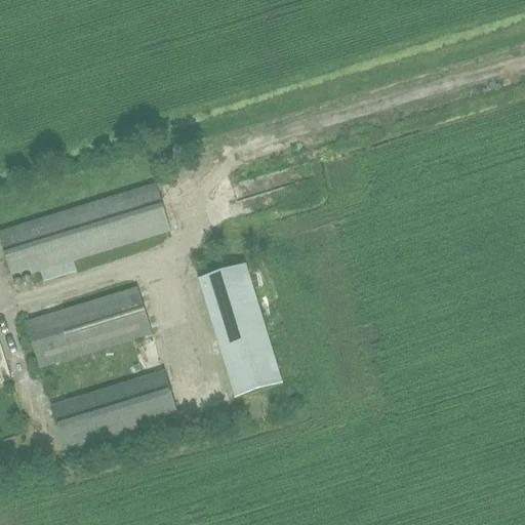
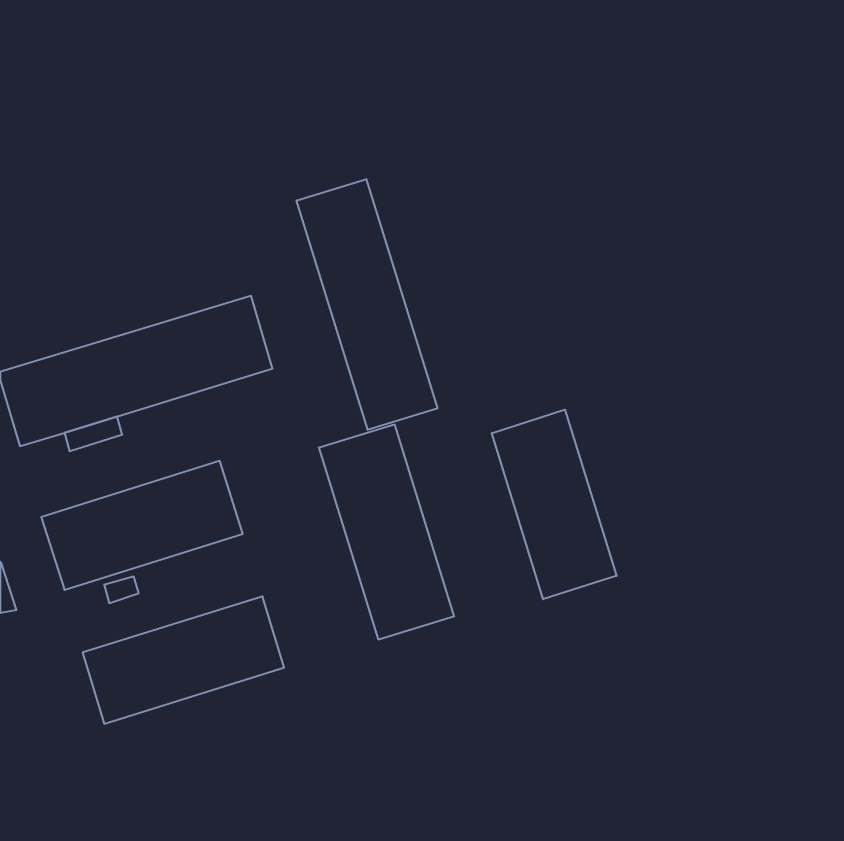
building: none -> [297,179,437,430]
building: none -> [492,410,617,599]

